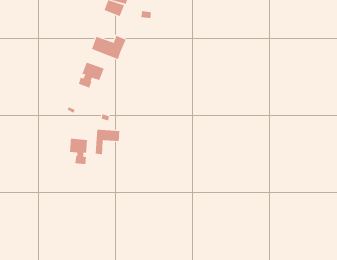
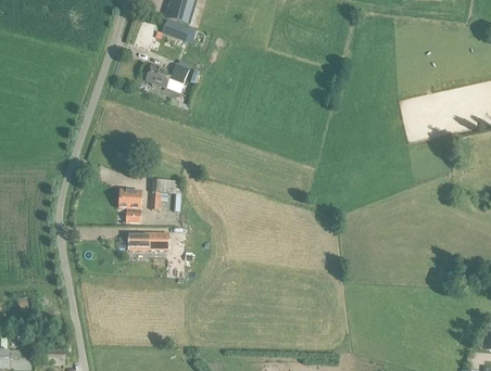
building: [78,62,104,88] -> none
building: none -> [128,231,166,248]

